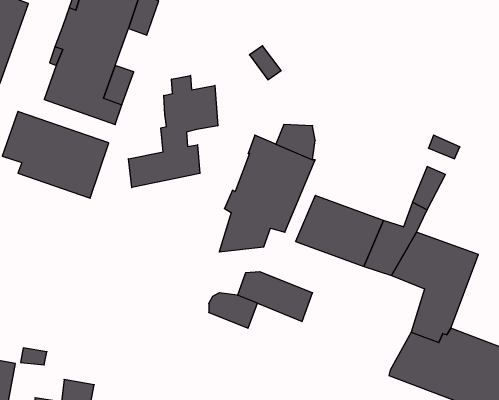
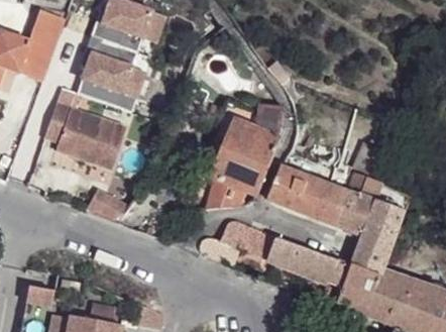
building: [128,75,218,188] -> none
building: none -> [87,189,131,223]
building: none -> [272,239,356,299]

